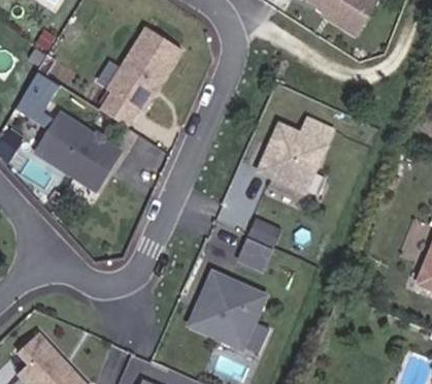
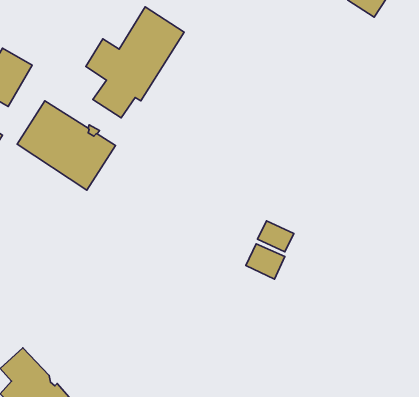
building: [259,119,333,192] -> none
building: [191,273,266,348] -> none

